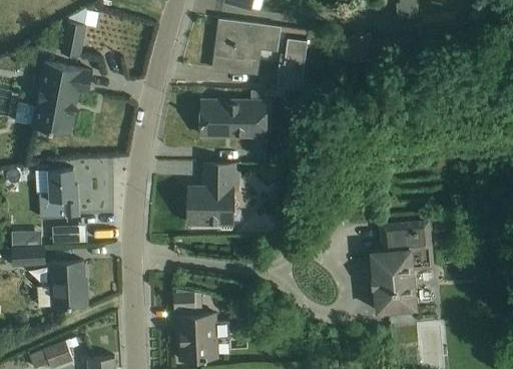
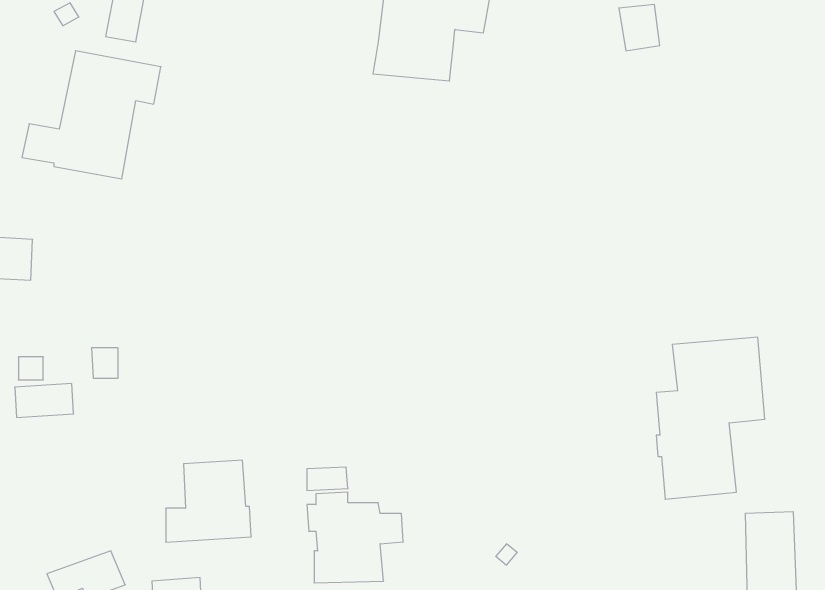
building: [277,38,307,90] -> none
building: [199,100,264,136] -> none
building: [188,163,238,229] -> none
building: [40,165,79,218] -> none
building: [39,261,87,307] -> [166,460,251,542]

